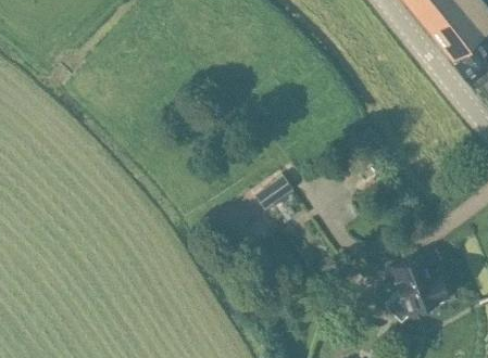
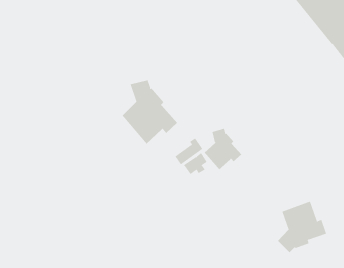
building: none -> [122,80,178,145]
building: none -> [204,128,242,170]

